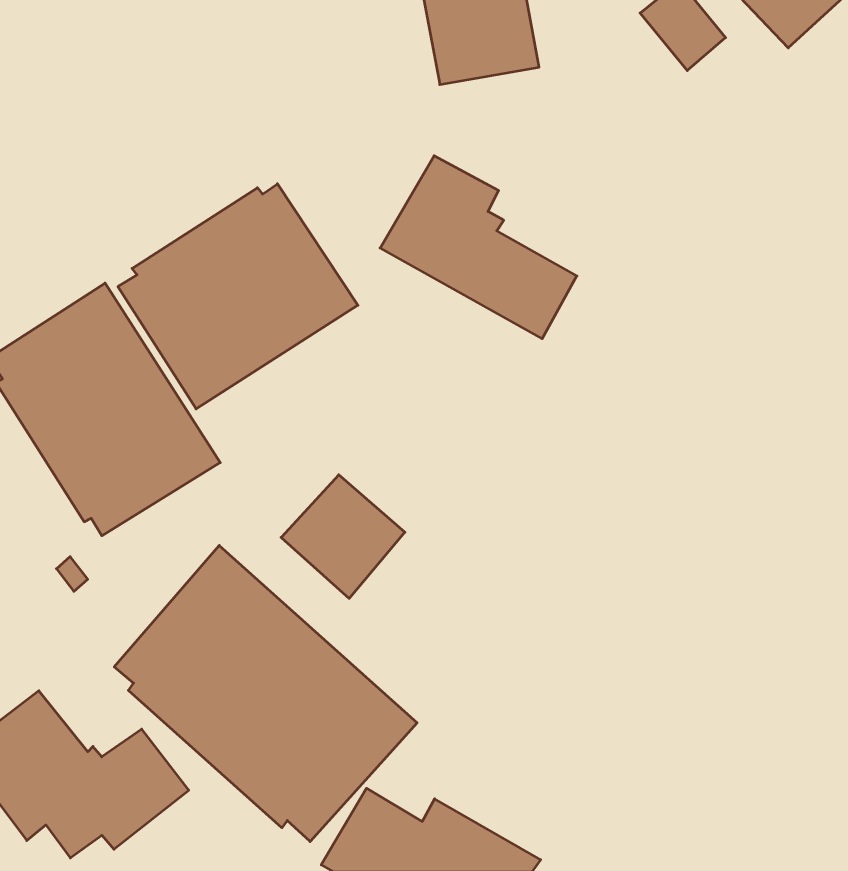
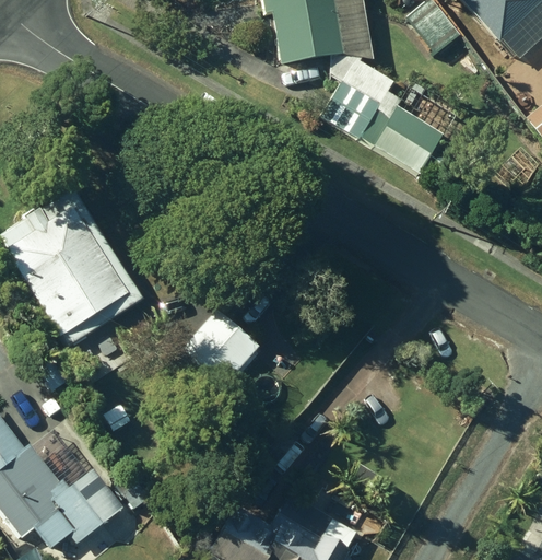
building: [380,156,577,339] -> [321,57,445,172]
building: [118,184,358,409] -> none
building: [114,545,417,842] -> none

